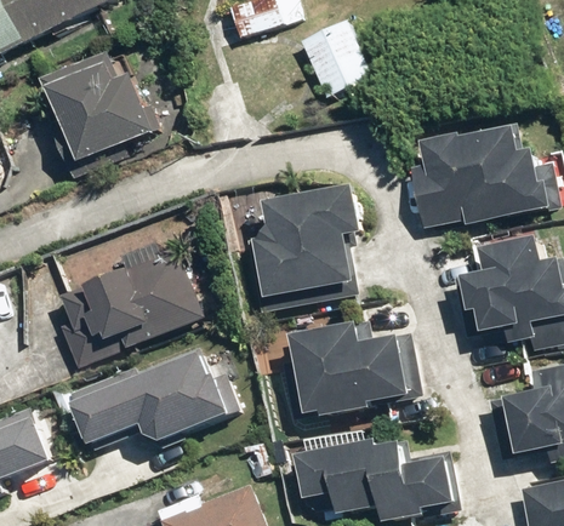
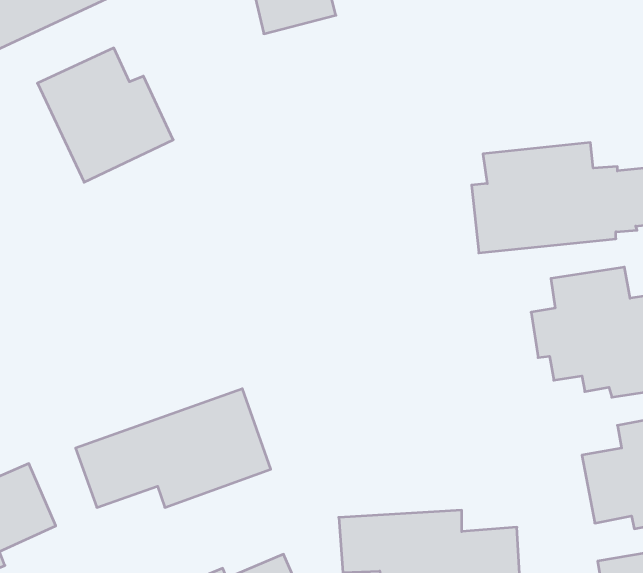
building: [296,19,370,98] -> none
building: [249,187,360,299] -> none
building: [58,244,204,343] -> none
building: [287,319,418,417] -> none

